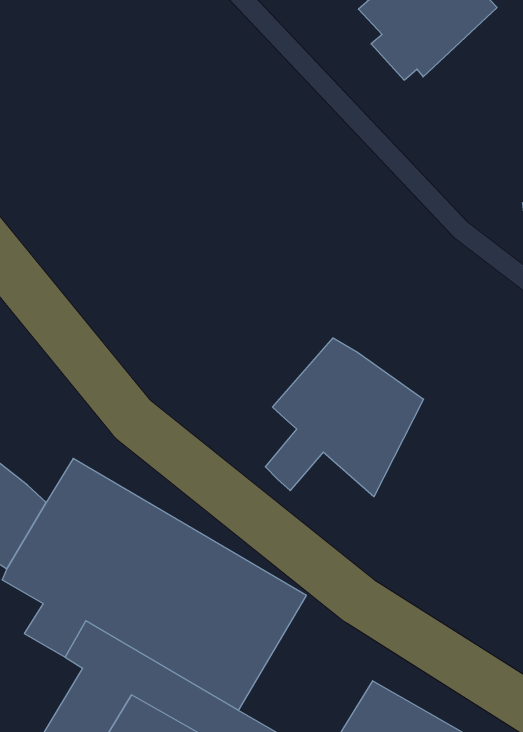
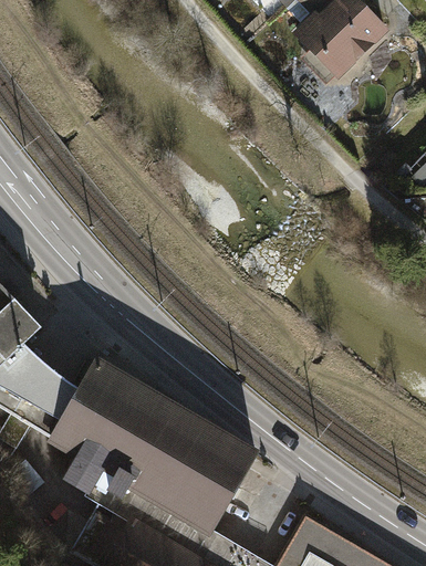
building: [265,338,424,497] -> none

